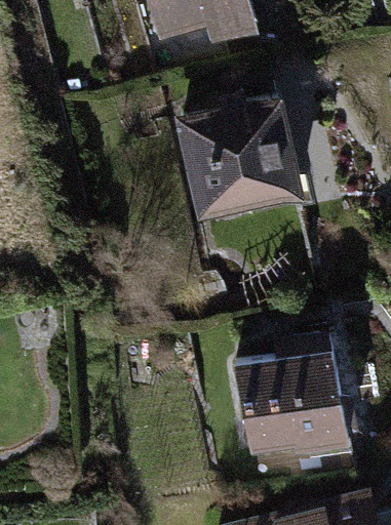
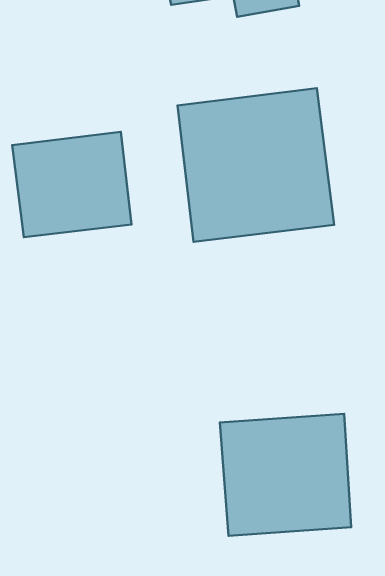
building: none -> [12,132,131,237]

